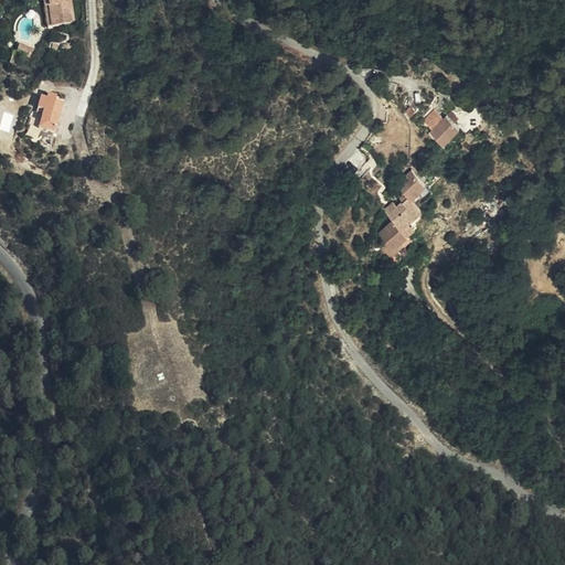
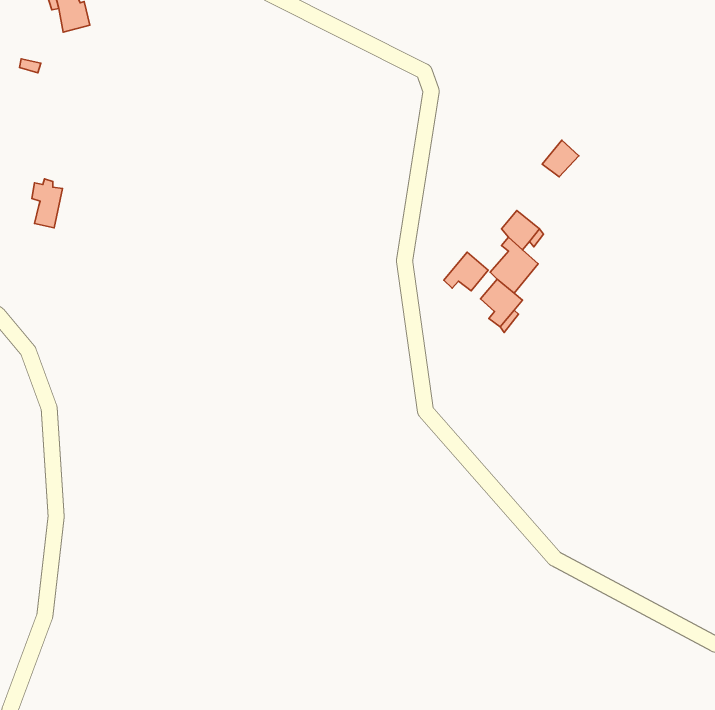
building: [38,96,62,135] -> [32,179,63,228]
building: none -> [444,252,488,291]

